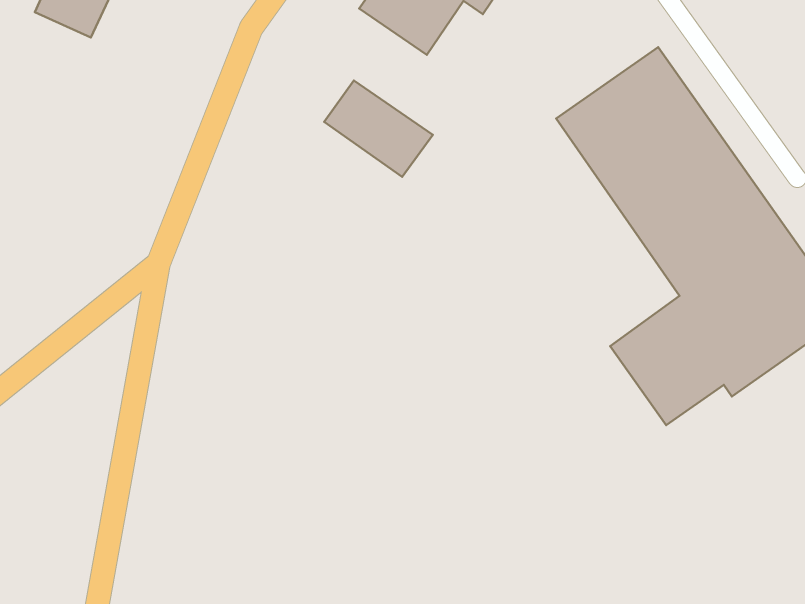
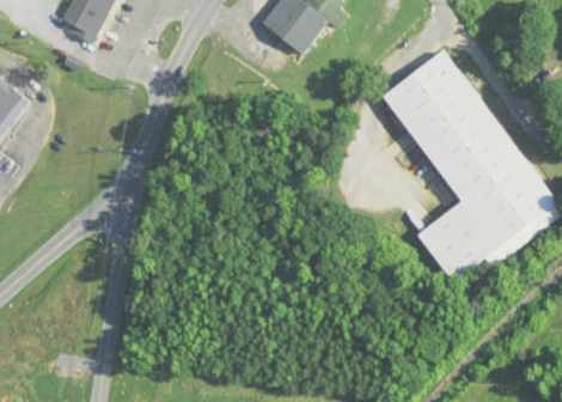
building: [324,80,433,177] -> none

